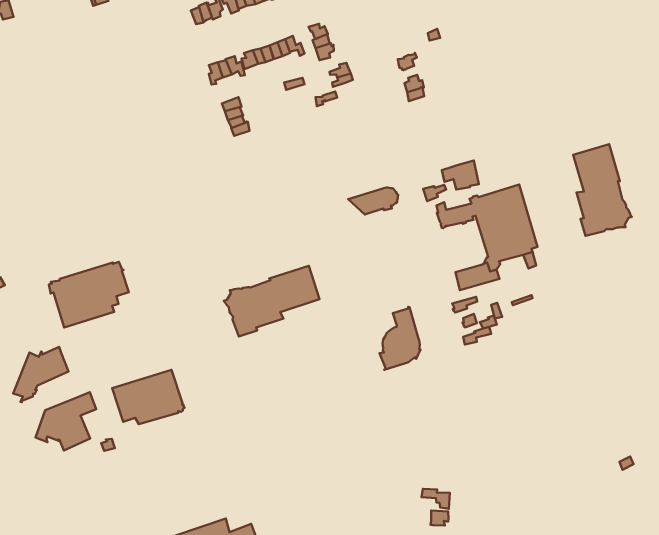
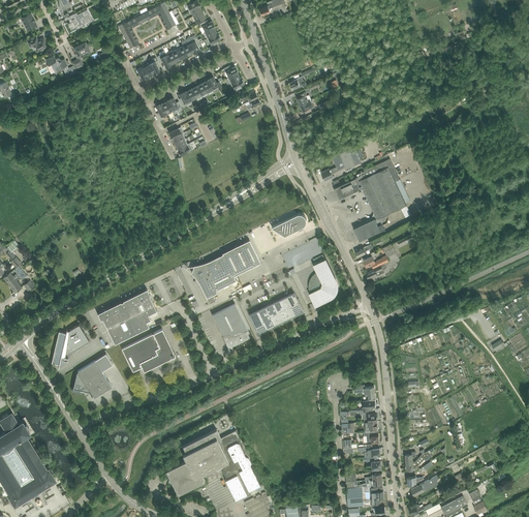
building: [573,144,632,236] -> none
building: [348,187,398,215] -> [272,215,307,237]
building: [49,262,129,327] -> [99,291,157,343]
building: none -> [250,293,304,334]
building: none -> [213,304,250,348]

